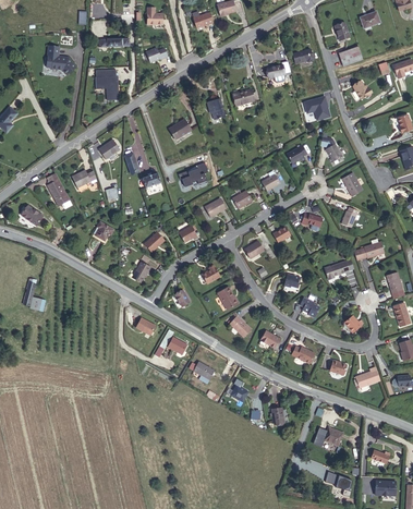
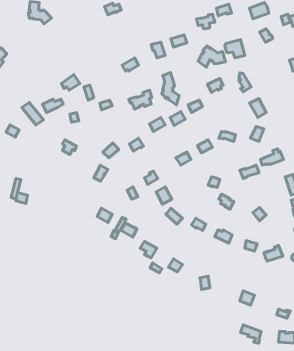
building: [96,69,120,99] -> none
building: none -> [198,46,225,67]
building: none -> [162,73,179,105]

